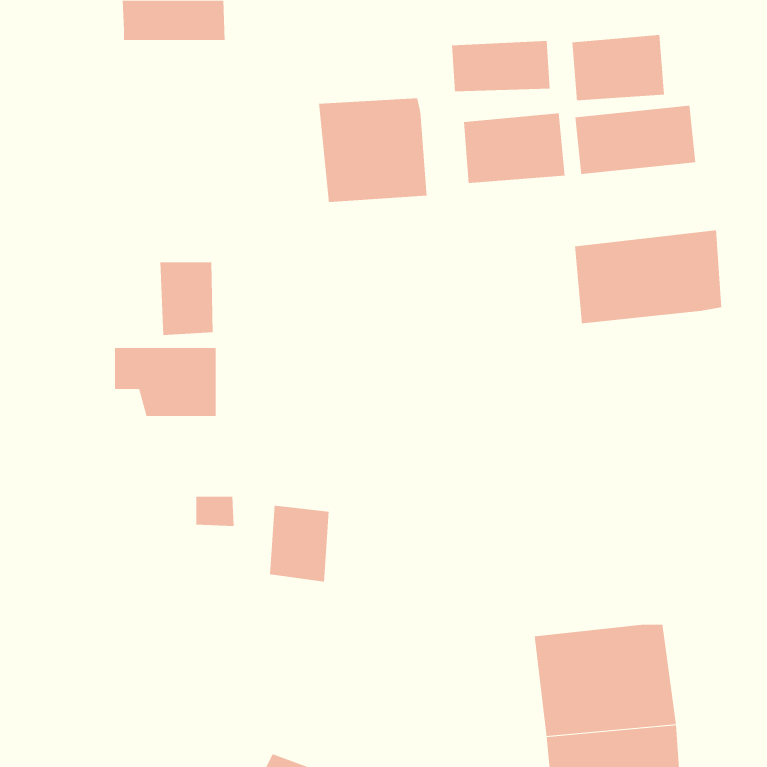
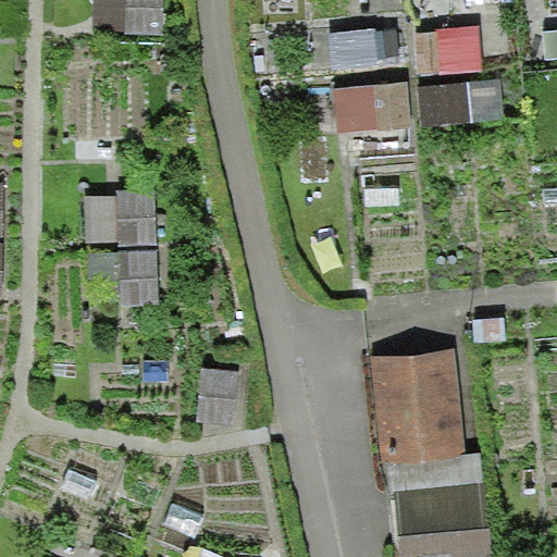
building: [319,98,427,203] -> none
building: [574,229,722,324] -> none
building: none -> [364,345,466,462]

